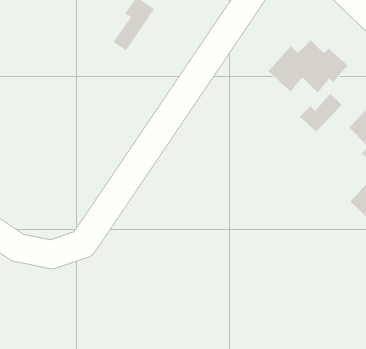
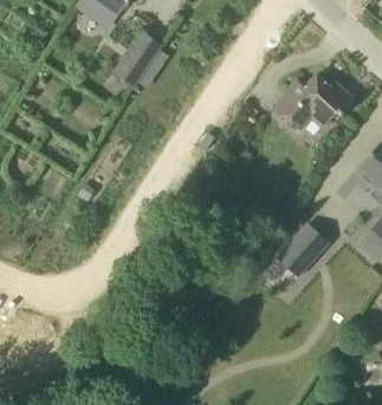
building: [299,93,343,133] -> none
building: none -> [277,223,329,277]

